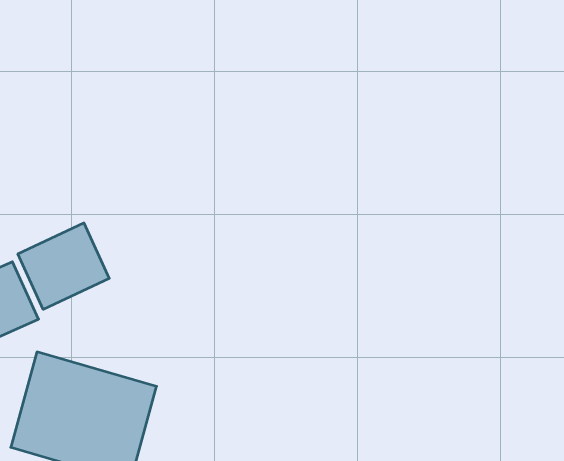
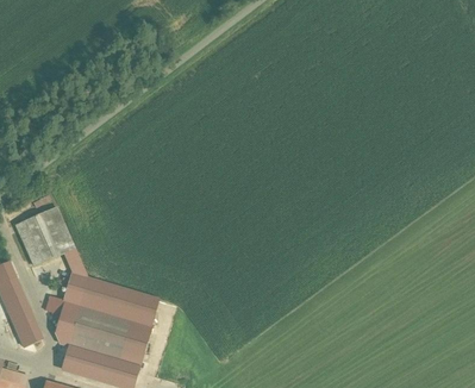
building: [18,223,109,309] -> none

